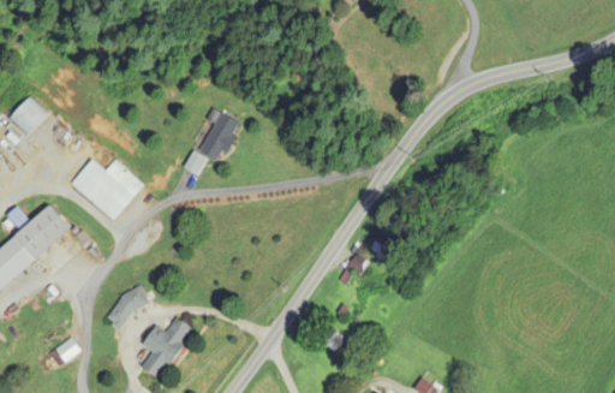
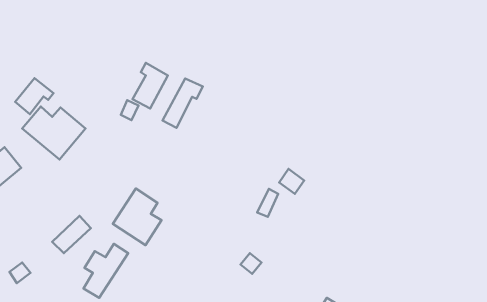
building: none -> [15,78,54,114]
building: none -> [163,78,203,128]
building: none -> [113,189,162,245]

